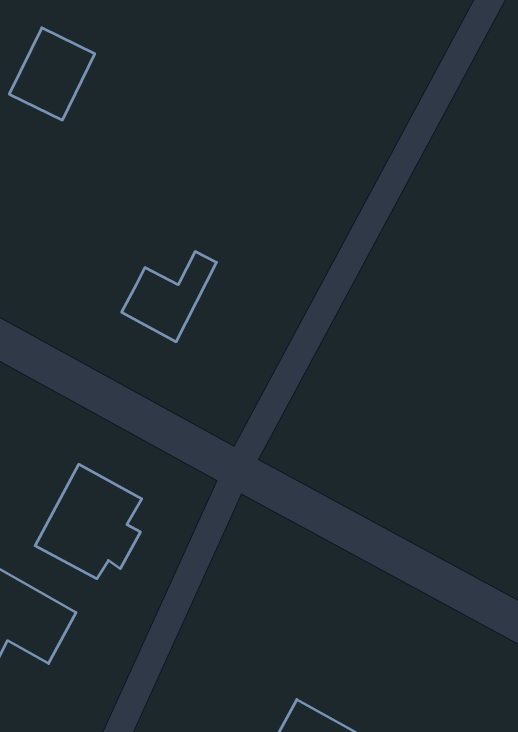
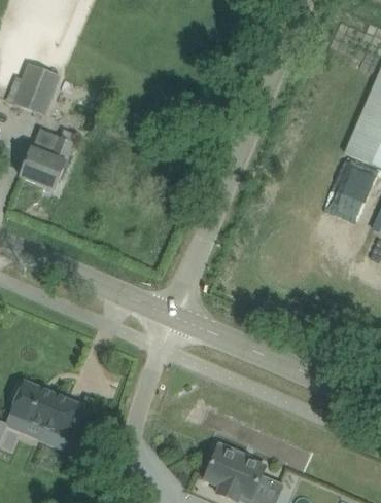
building: [122,252,217,342] -> [19,136,72,190]
building: [35,464,142,579] -> none

